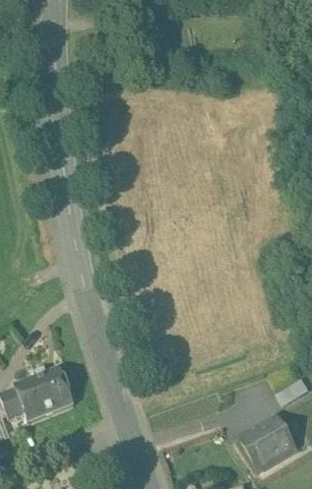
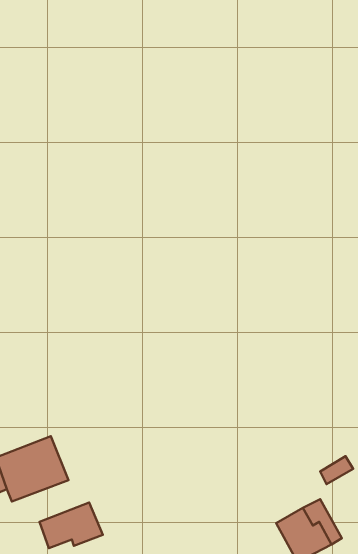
building: none -> [39,502,103,548]

